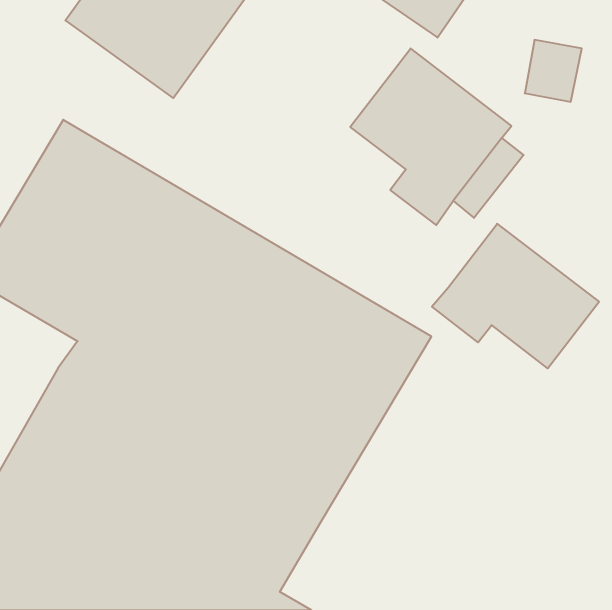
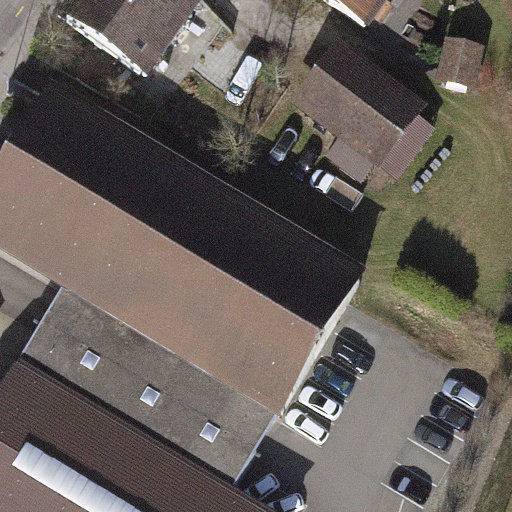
building: [432,224,599,368] -> none

